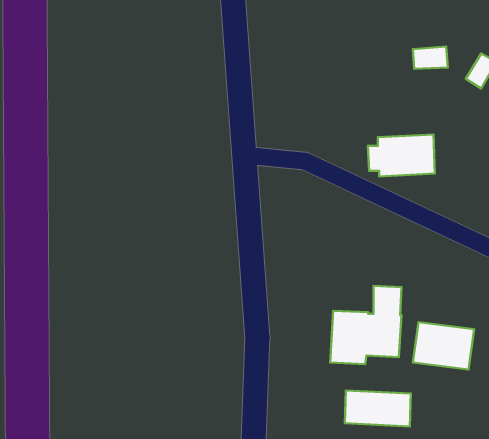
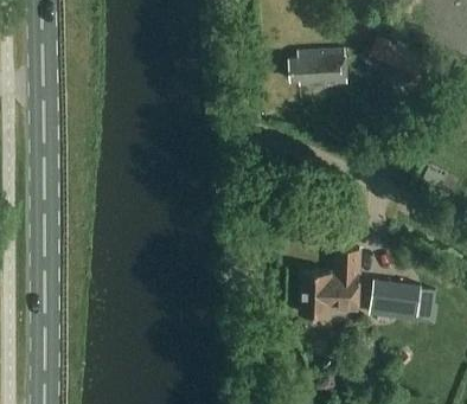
building: [368,134,435,176] -> [289,50,346,85]
building: [345,390,411,426] -> none

